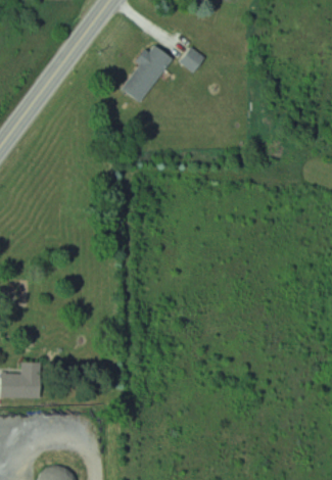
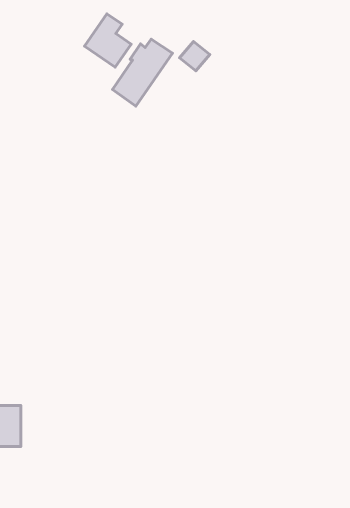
building: none -> [84,14,131,67]

